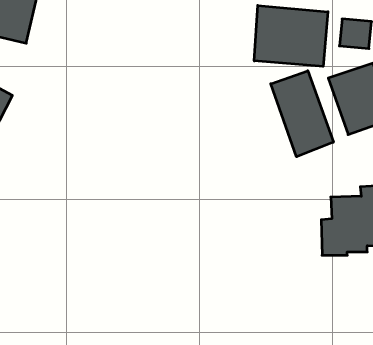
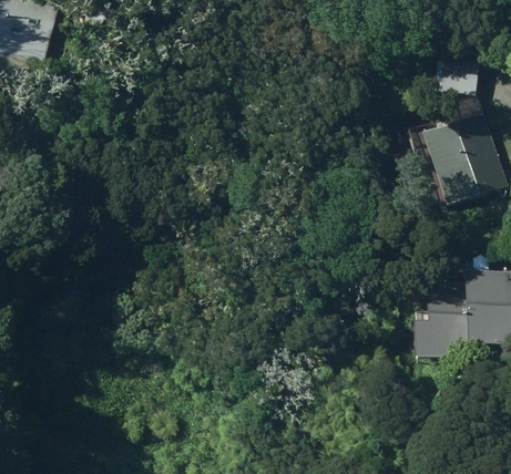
building: [254,5,328,66] -> none
building: [271,71,333,157] -> none

